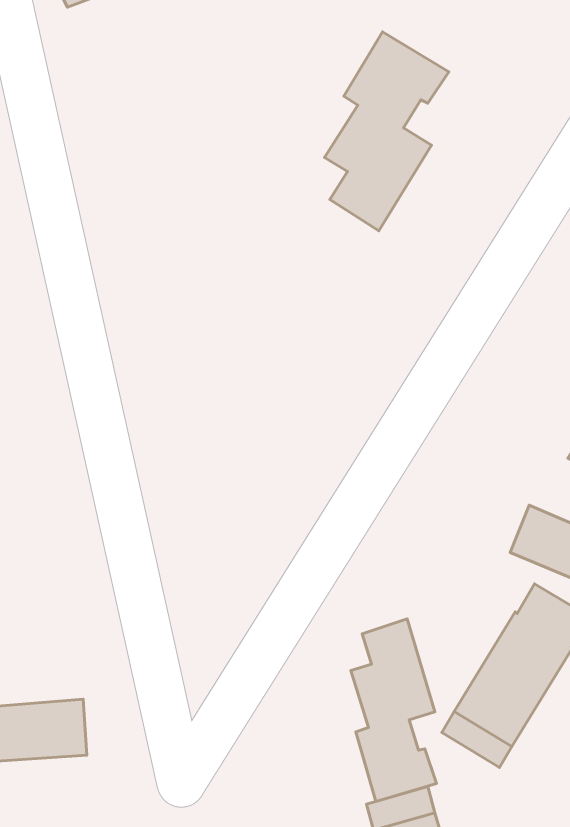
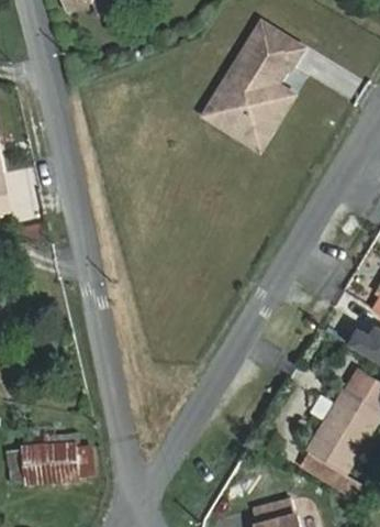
building: none -> [204,64,245,129]
building: [351,619,436,801] -> none

